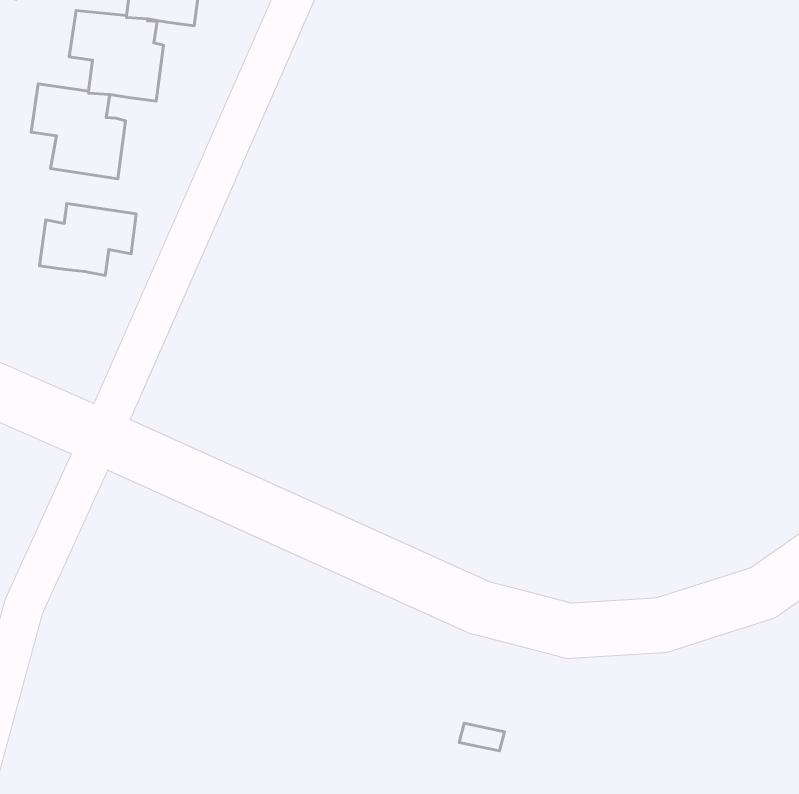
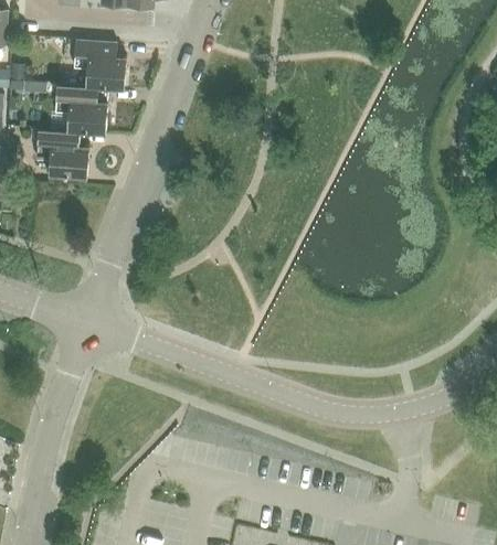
building: [40,204,136,276] -> none

